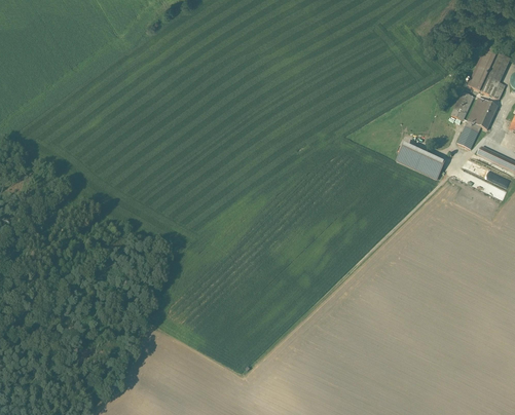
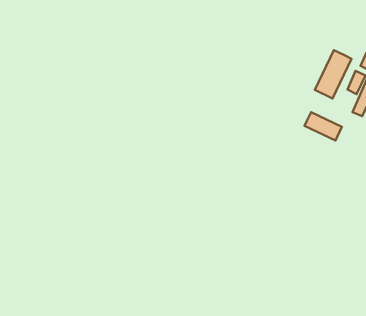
building: none -> [315,50,352,99]

